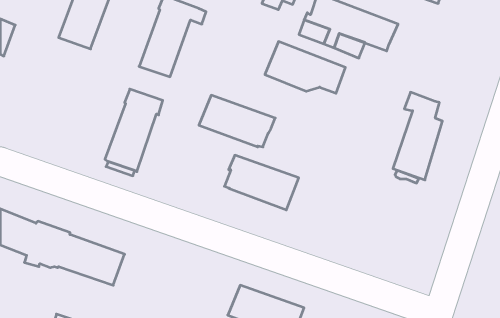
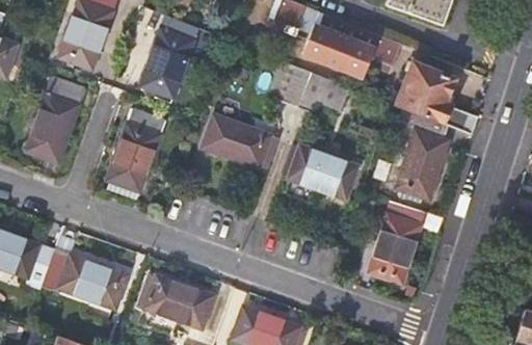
building: none -> [397,64,478,135]
building: none -> [26,76,87,163]
building: [224,155,299,210] -> [284,144,358,200]
building: none -> [369,203,425,285]
building: none -> [138,273,214,327]

